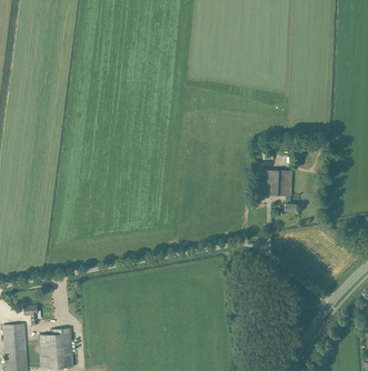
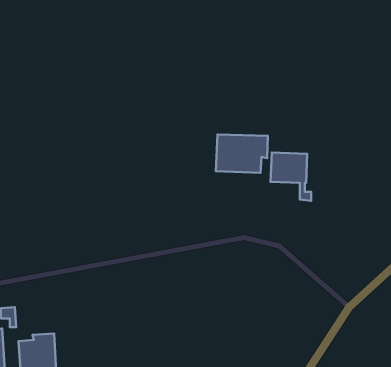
building: none -> [216,134,268,173]

